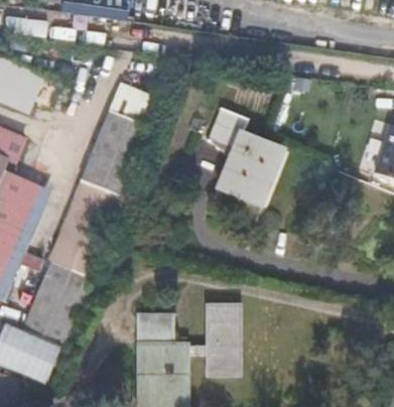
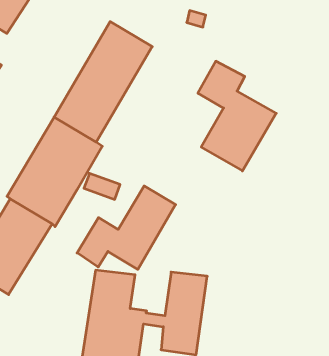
building: none -> [77,186,176,269]

